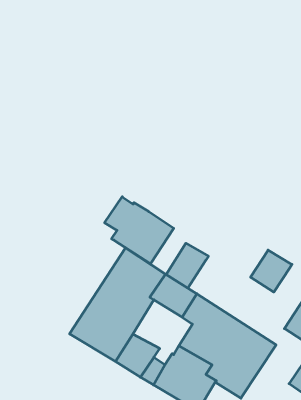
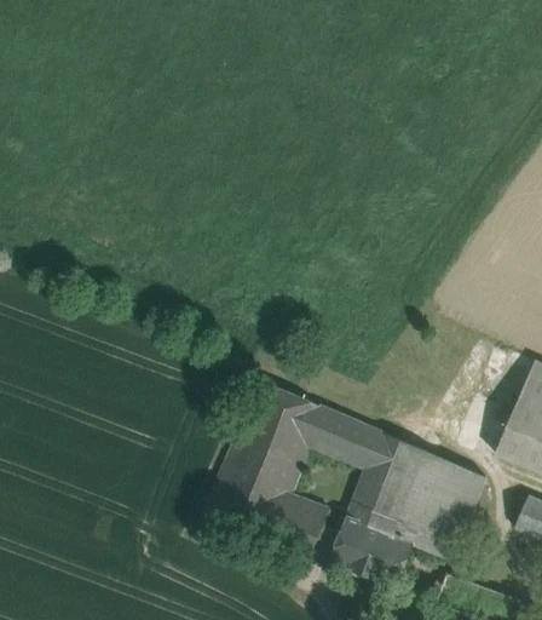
building: [105,197,174,264] -> none
building: [166,243,208,288] -> none
building: [251,250,292,292] -> none

